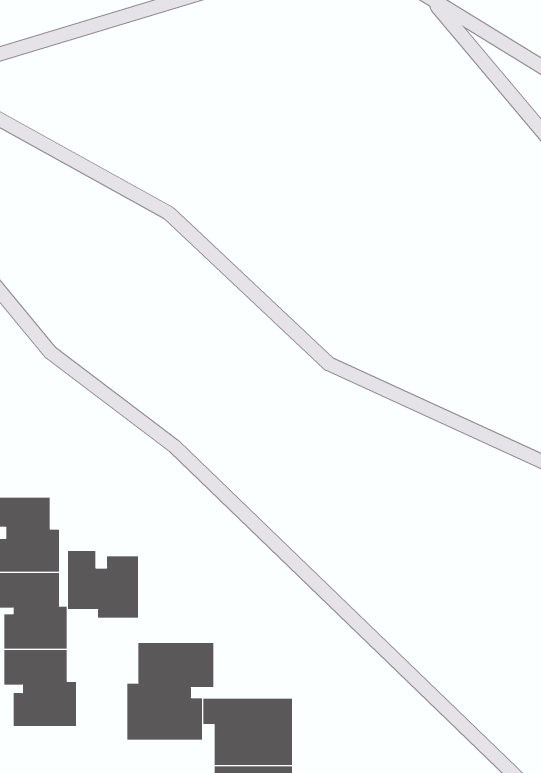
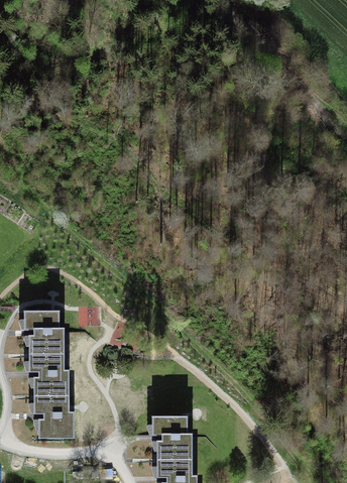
building: [67,550,139,619] -> none
building: [127,642,214,741] -> none

